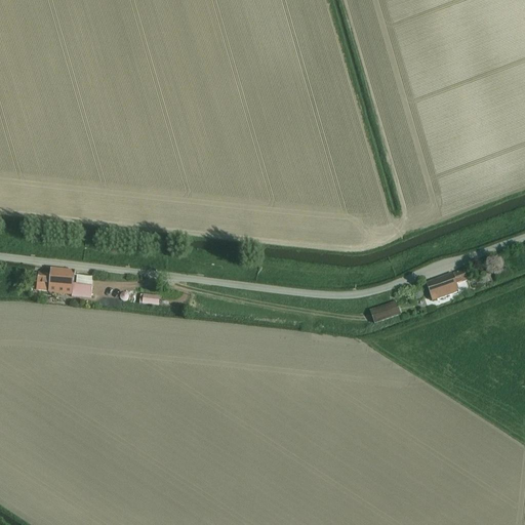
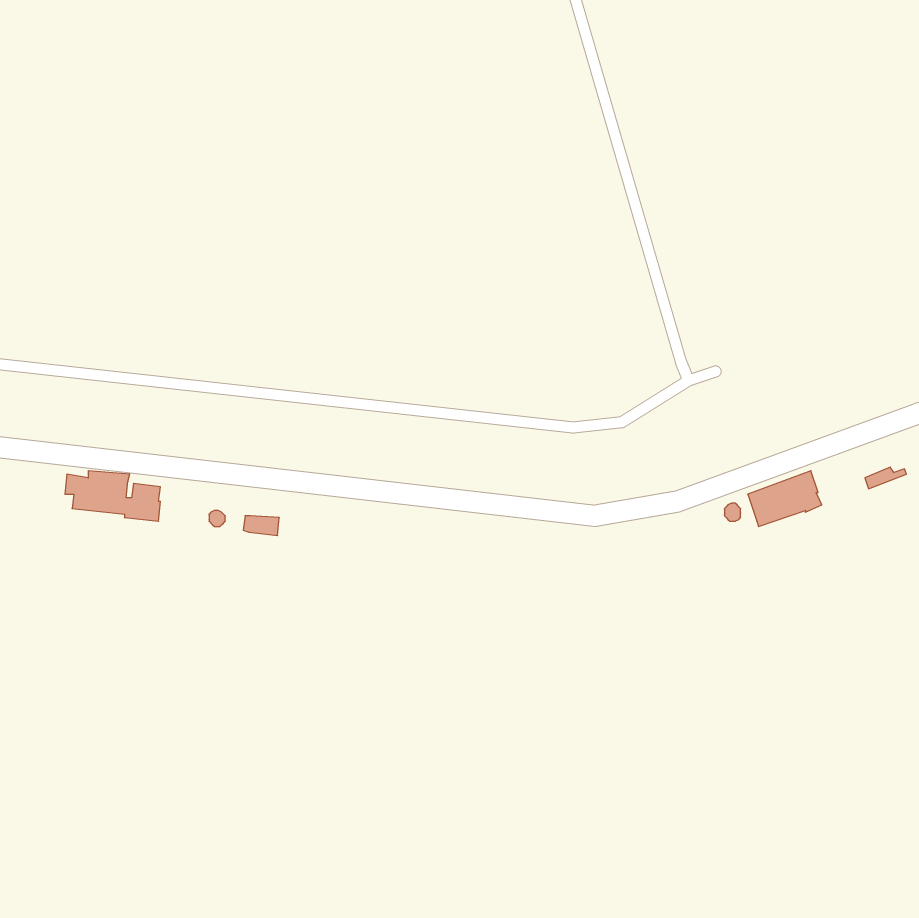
building: [369,299,400,322] -> none

